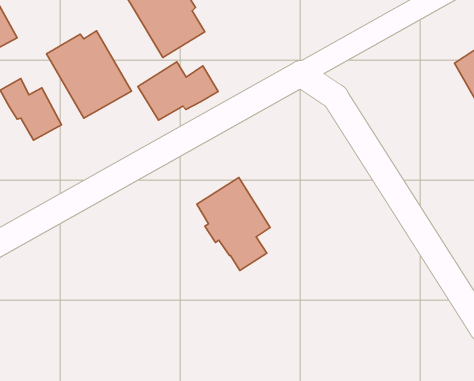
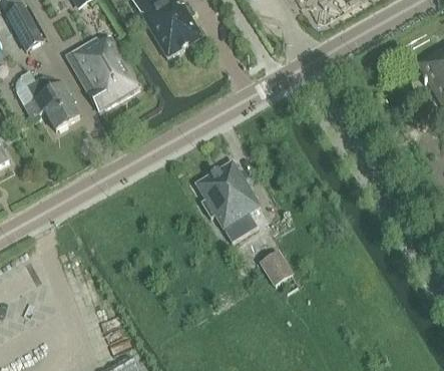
building: [138,62,218,120] -> none
building: none -> [258,250,292,285]

